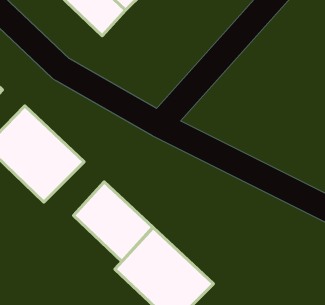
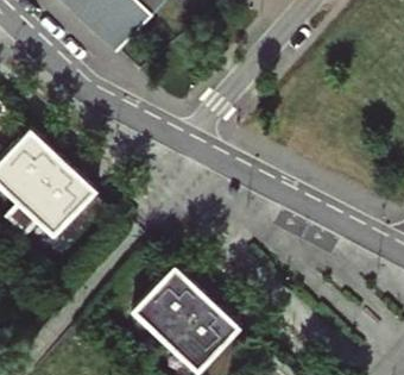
building: [73,182,153,261] -> none

